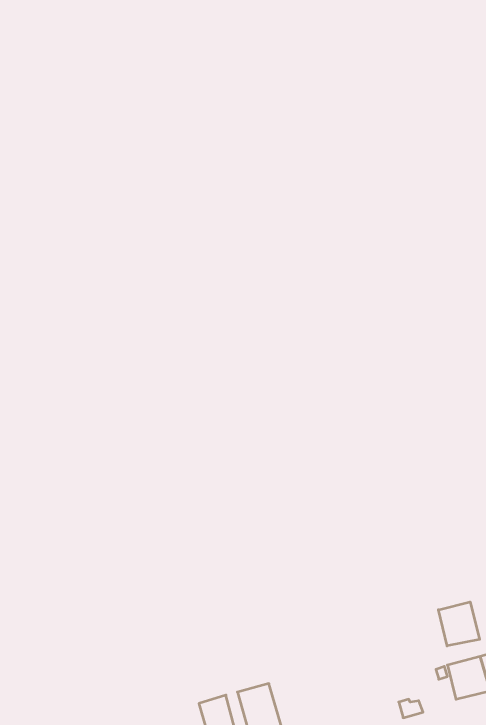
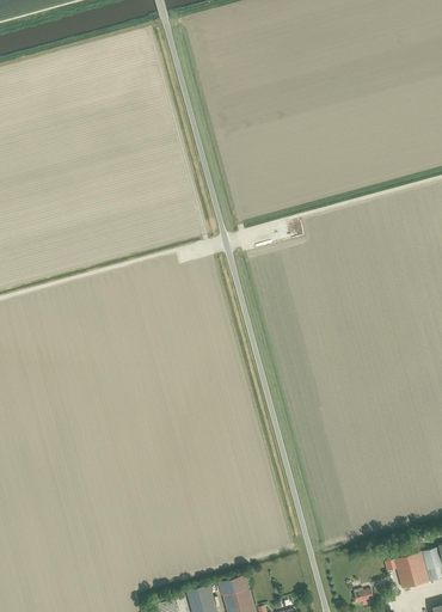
building: [438,602,480,646] -> none

